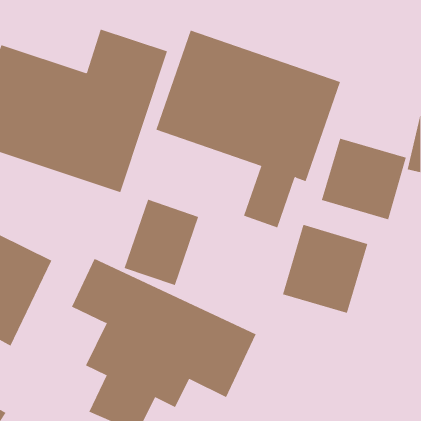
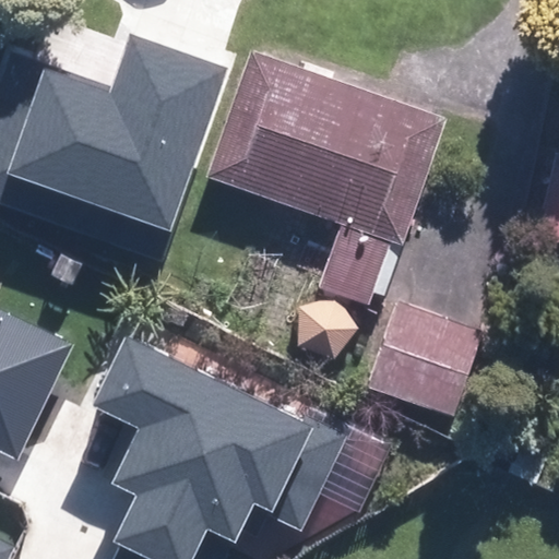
building: [321,138,406,220] -> none
building: [124,199,199,286] -> none

